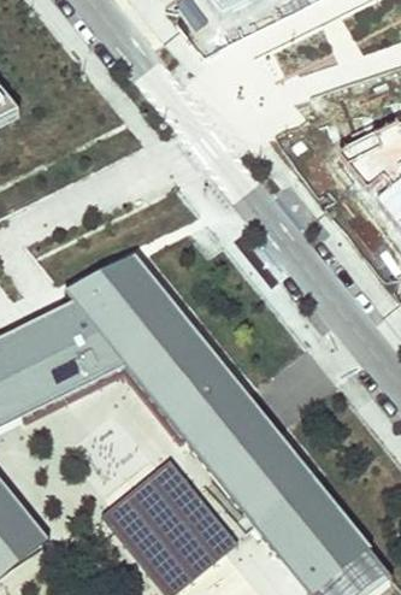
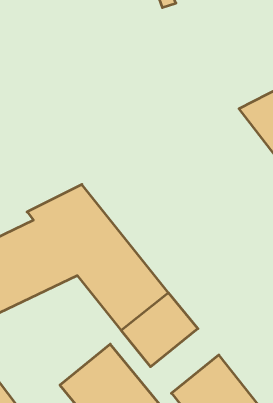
building: [225,443,316,529] -> none

